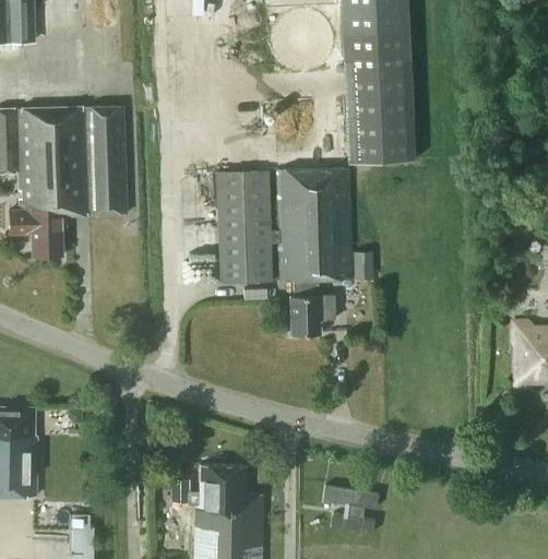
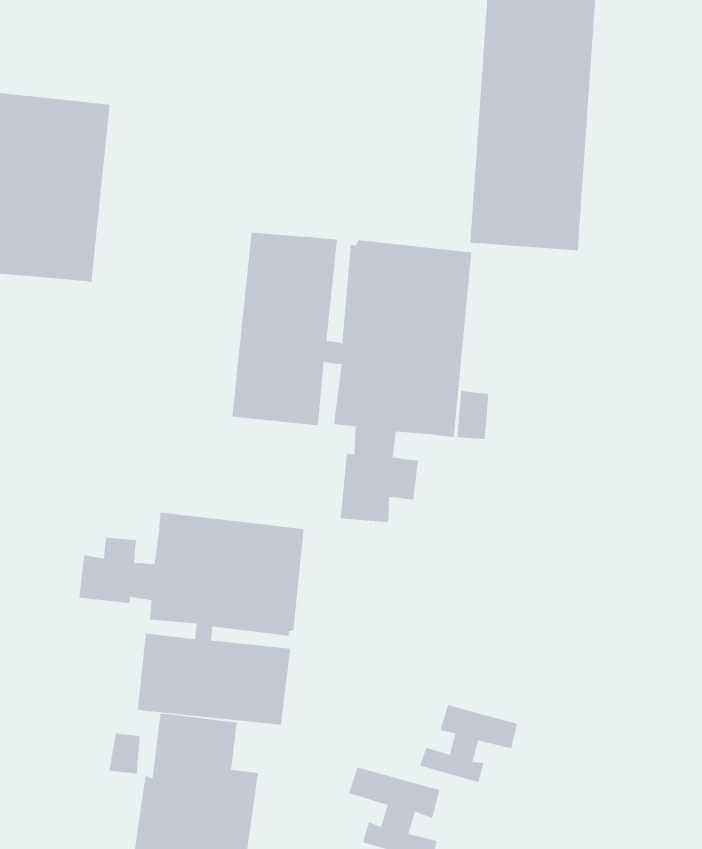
building: none -> [79,512,304,725]
building: none -> [419,704,517,783]

